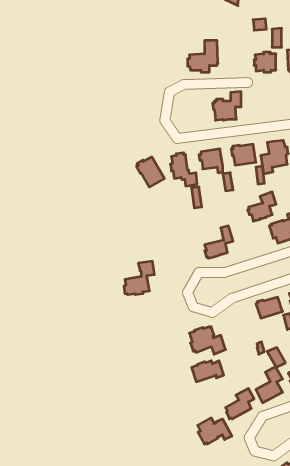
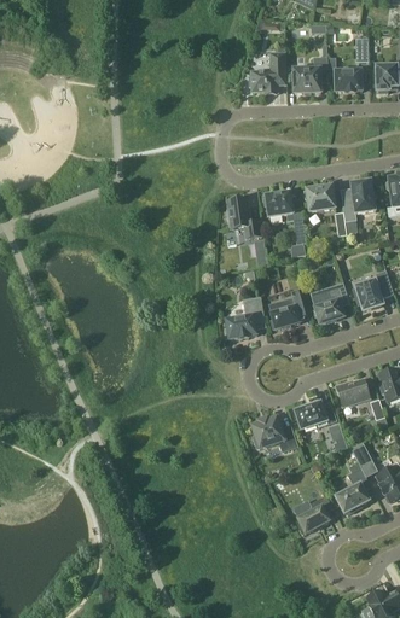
building: [213,92,241,120] -> [291,57,327,93]
building: [137,157,164,187] -> none
building: [248,192,276,221] -> [313,287,349,325]
building: [124,261,154,295] -> [225,297,263,339]
building: [192,361,224,382] -> [295,402,336,428]
building: [198,418,232,444] -> none

